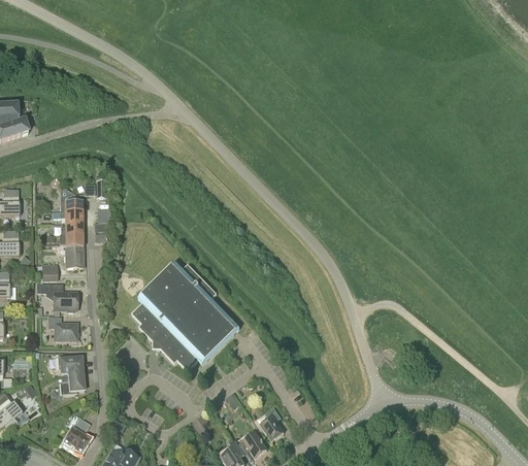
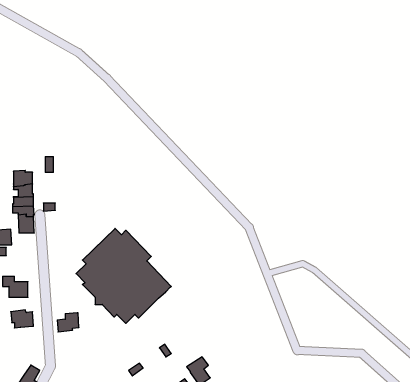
building: [54,291,77,308] -> none
building: [59,372,84,394] -> [57,313,79,332]

